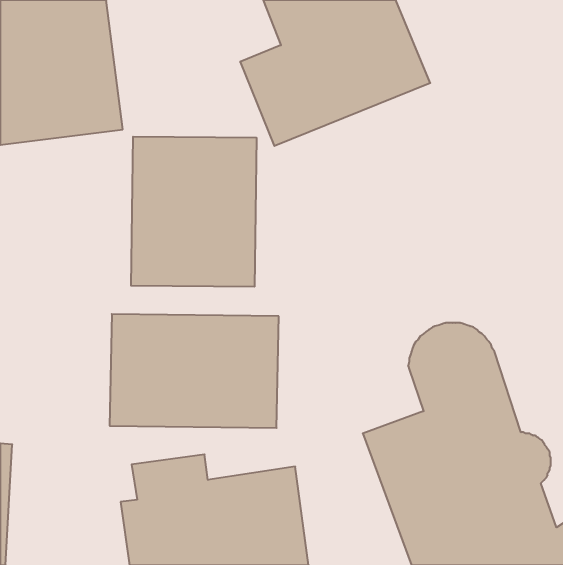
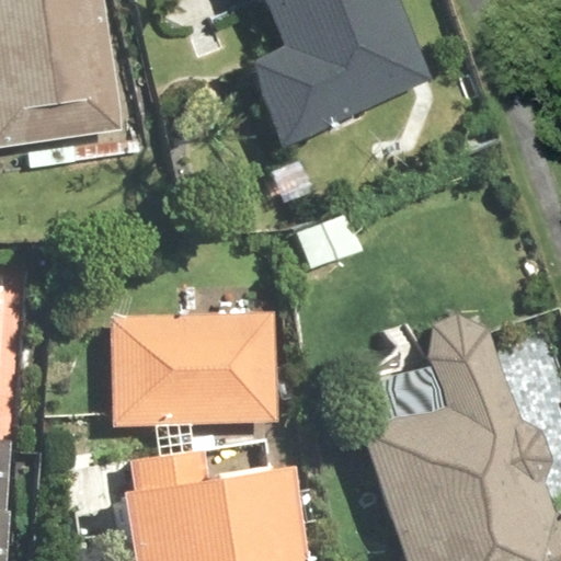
building: [131,137,256,287] -> none

